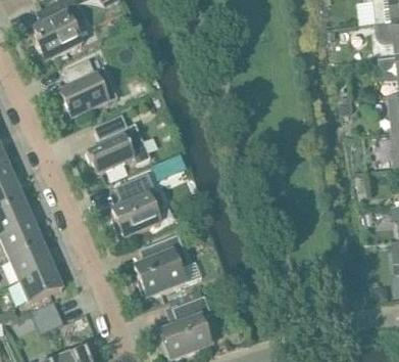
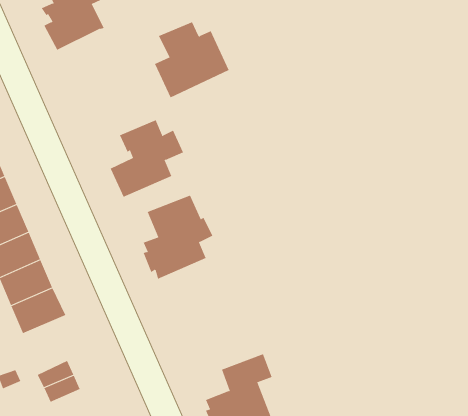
building: [58,58,116,118] -> [154,21,230,98]
building: [133,234,189,298] -> none
building: [17,265,61,302] -> none

